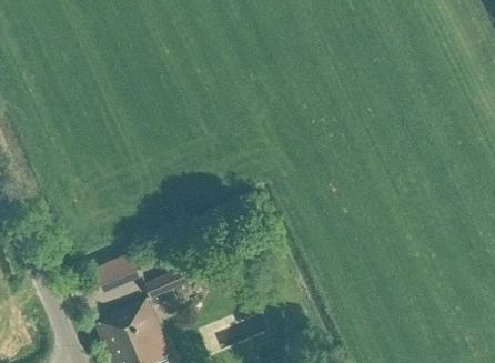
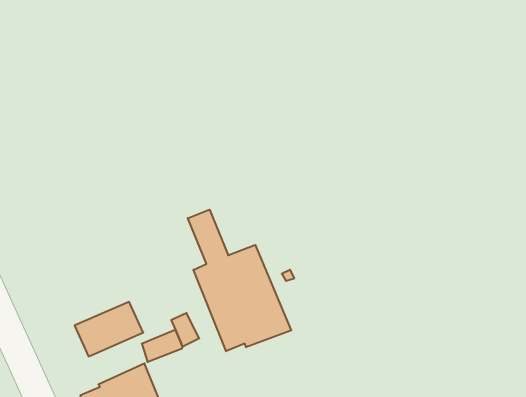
building: none -> [188,210,291,351]

